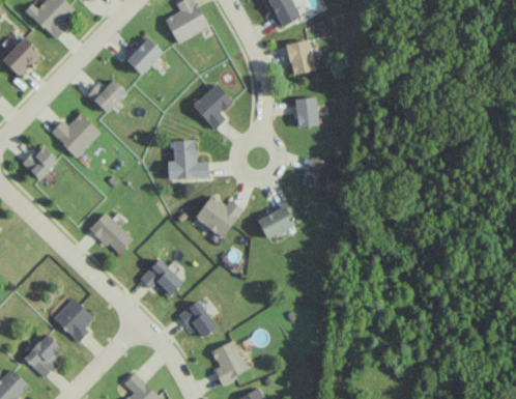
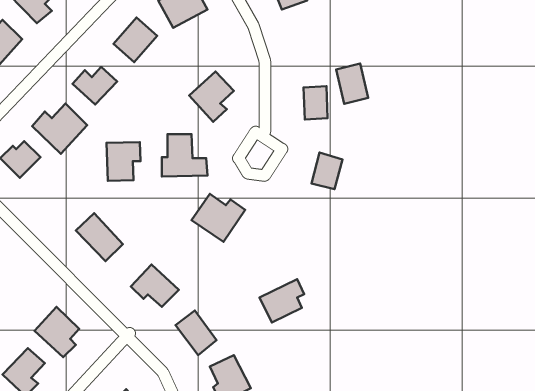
building: [285,39,314,76] -> [336,64,368,104]
building: none -> [107,142,140,181]
building: [255,200,295,239] -> [259,279,304,323]

